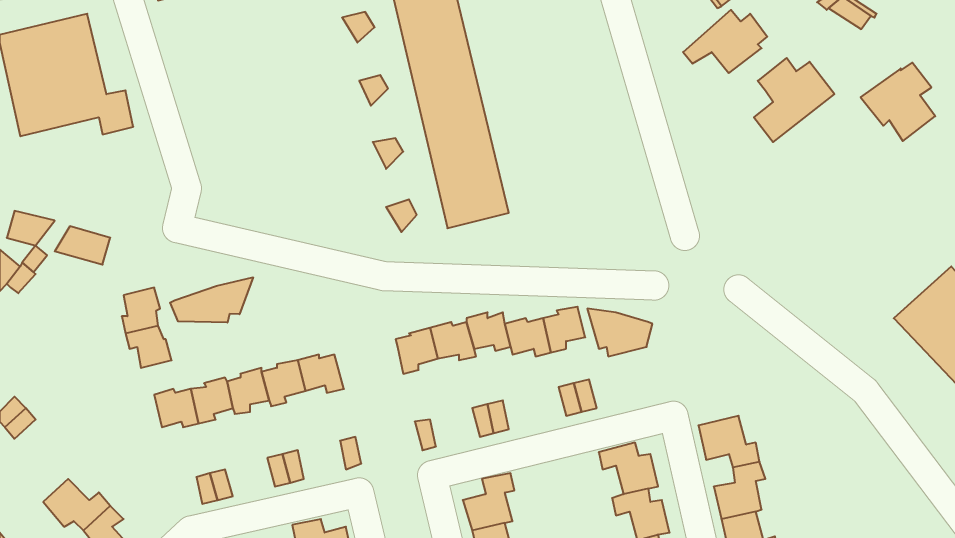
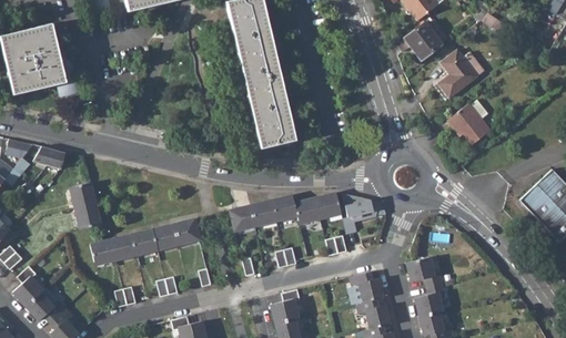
building: [861,63,935,141] -> [447,100,491,145]
building: [170,277,253,323] -> none
building: none -> [13,266,44,306]

